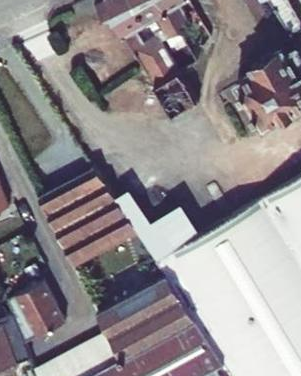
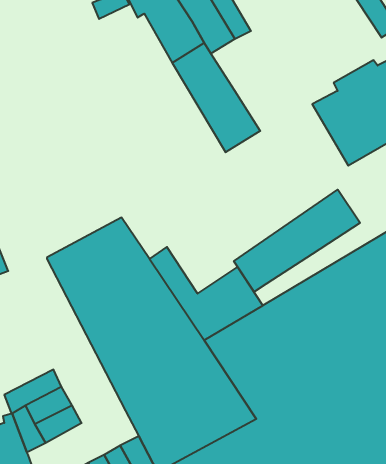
building: none -> [234,190,360,292]

